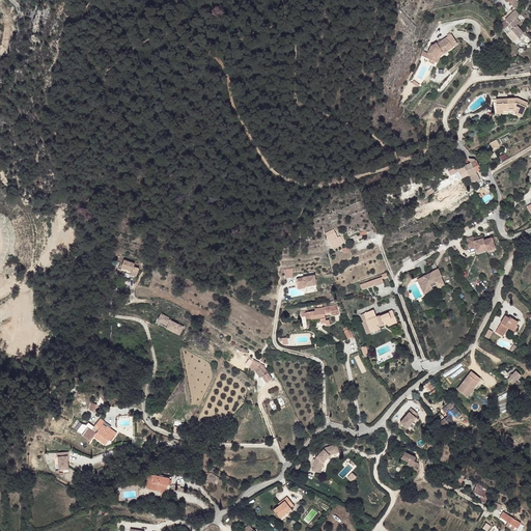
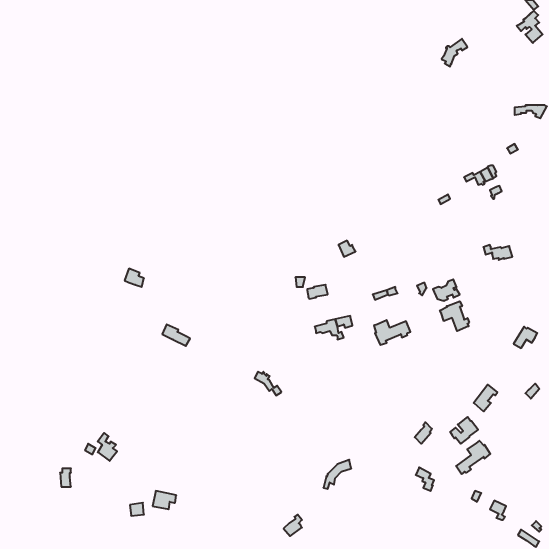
building: none -> [440,301,469,331]
building: none -> [456,441,490,474]

